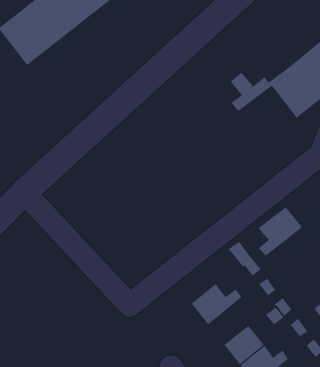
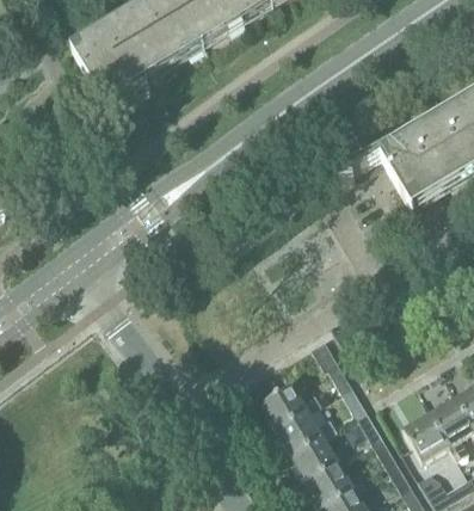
building: [257,206,303,257] -> none
building: none -> [275,398,336,450]

